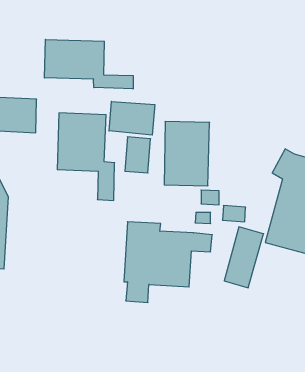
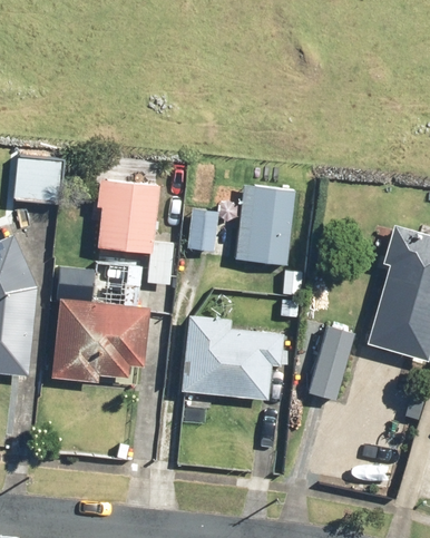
building: [45,39,133,89] -> none
building: [109,101,155,135] -> none
building: none -> [55,302,144,384]

